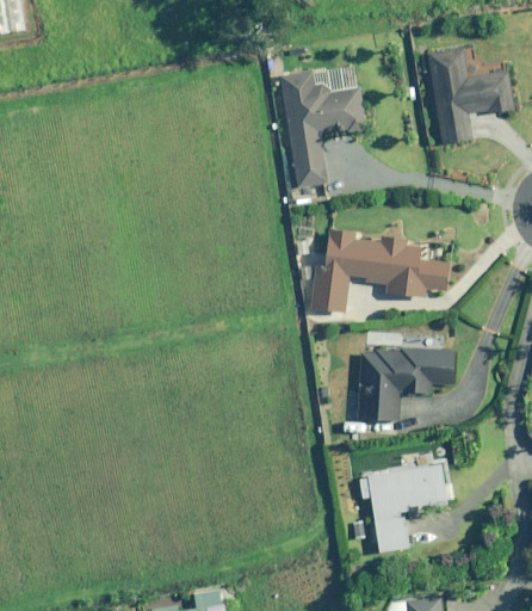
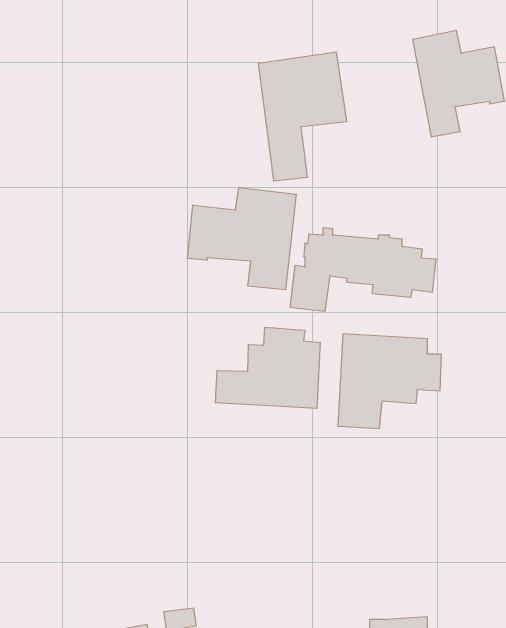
building: none -> [187,188,296,290]
building: none -> [216,327,320,409]
building: [357,451,451,555] -> none

